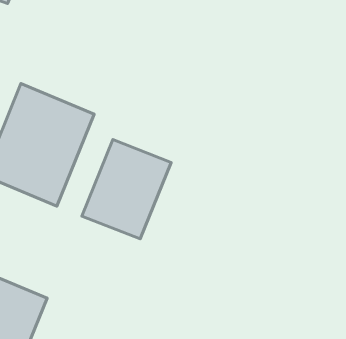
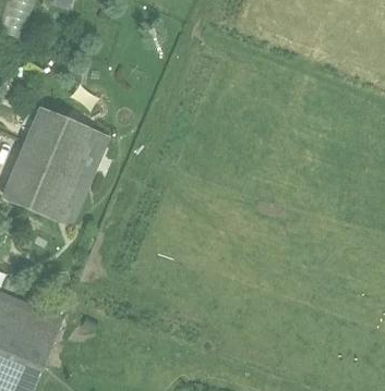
building: [82,140,171,239] -> none

